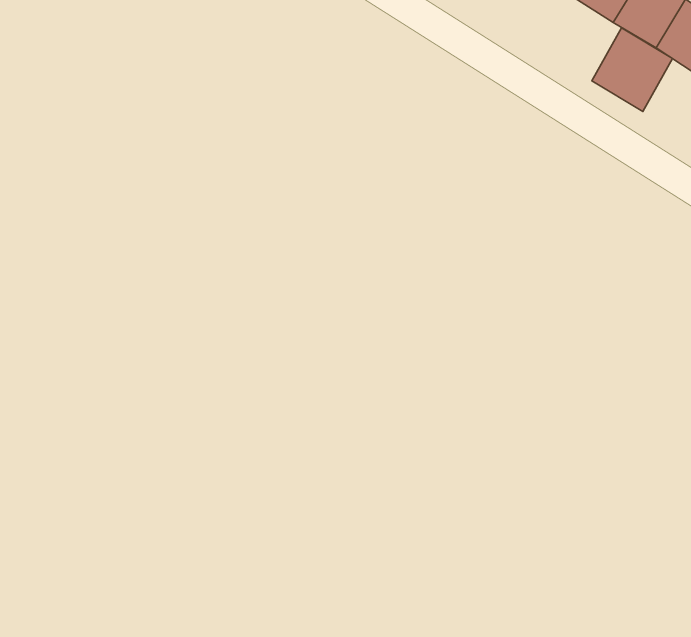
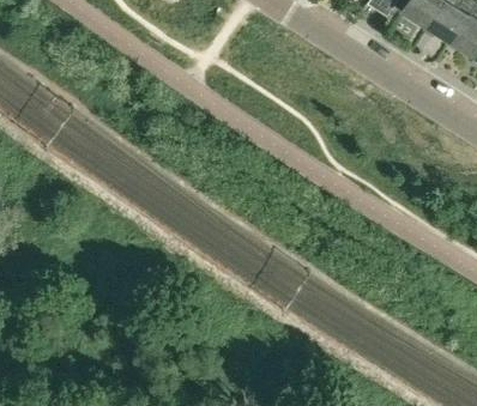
building: [592,28,673,111] -> none

